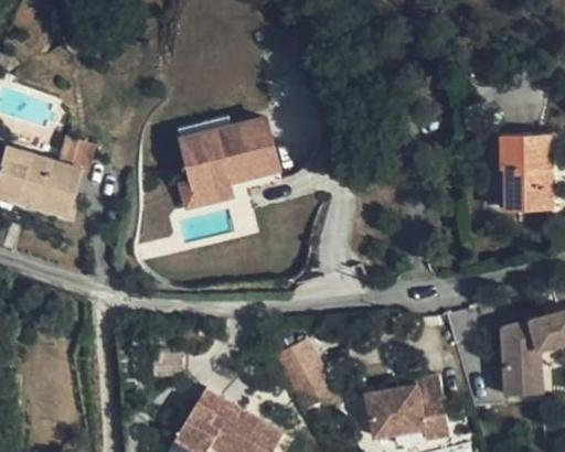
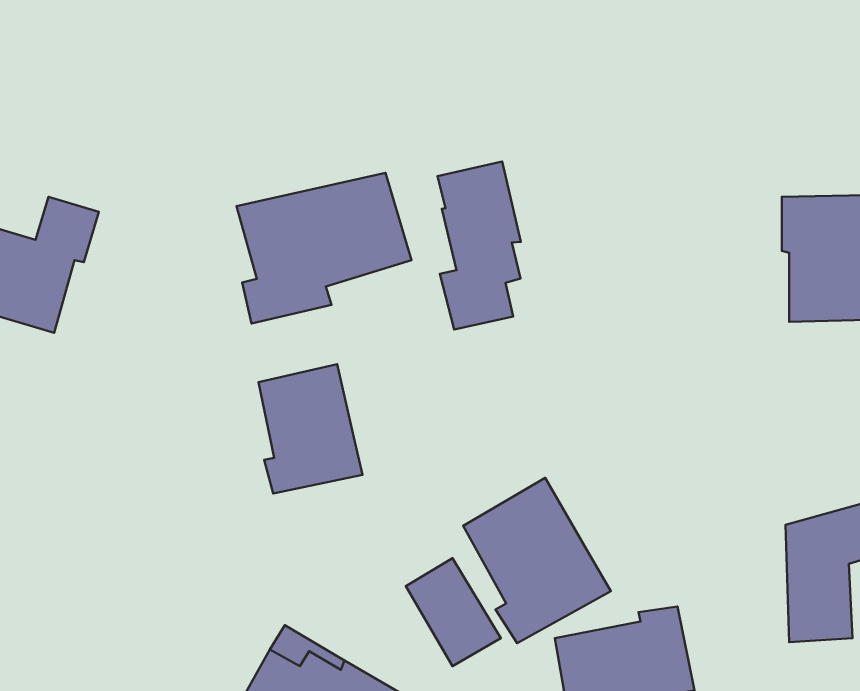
building: none -> [438,162,521,329]
building: none -> [259,364,362,493]
building: none -> [463,478,611,643]

